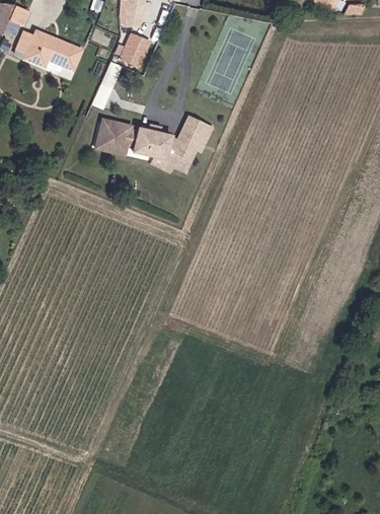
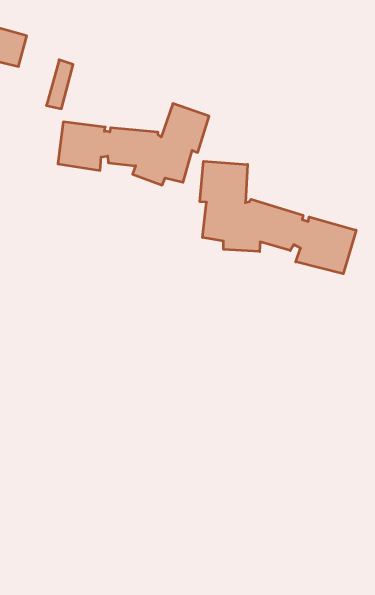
building: [118,32,149,67] -> none
building: none -> [200,161,356,274]

